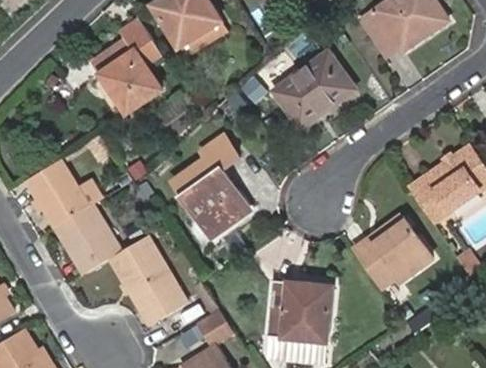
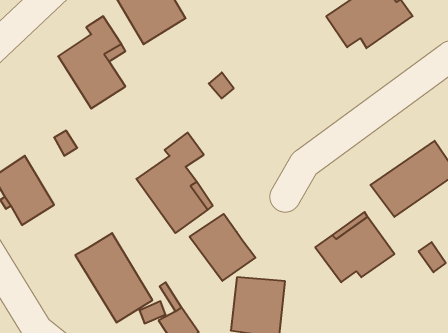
building: [274,53,354,127] -> none
building: [58,205,122,274] -> none
building: none -> [190,214,255,281]

